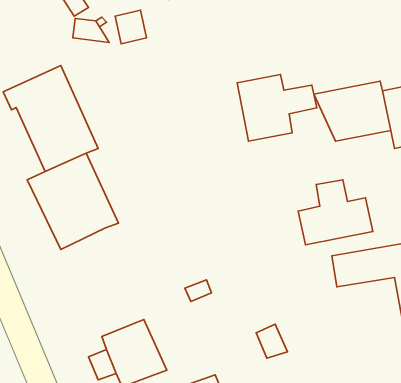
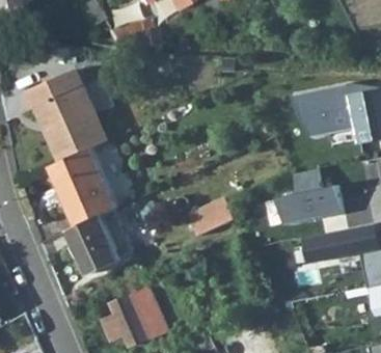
building: [237,75,317,141] -> none
building: none -> [187,198,233,237]
building: none -> [64,211,131,275]

